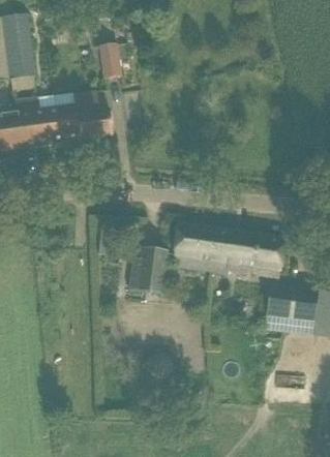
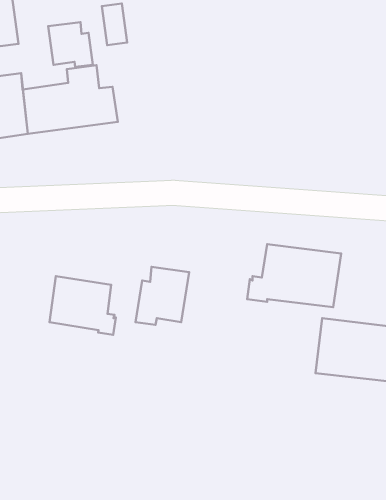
building: none -> [48,22,93,67]
building: [173,222,229,272] -> none
building: none -> [49,276,116,335]

